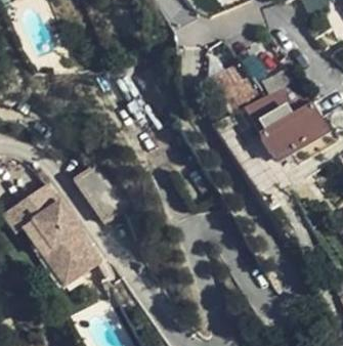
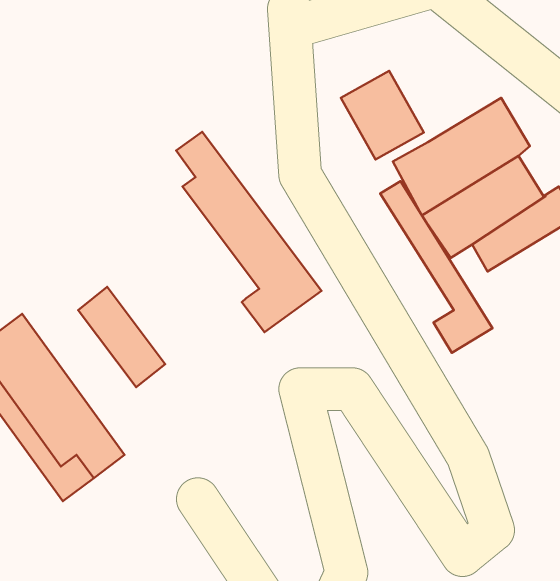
building: none -> [176,132,322,332]
building: none -> [380,181,493,353]

